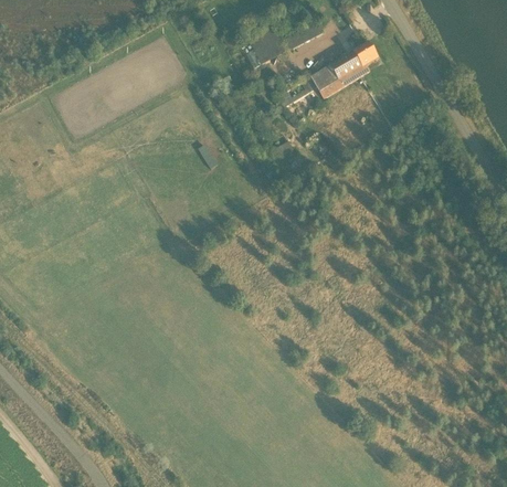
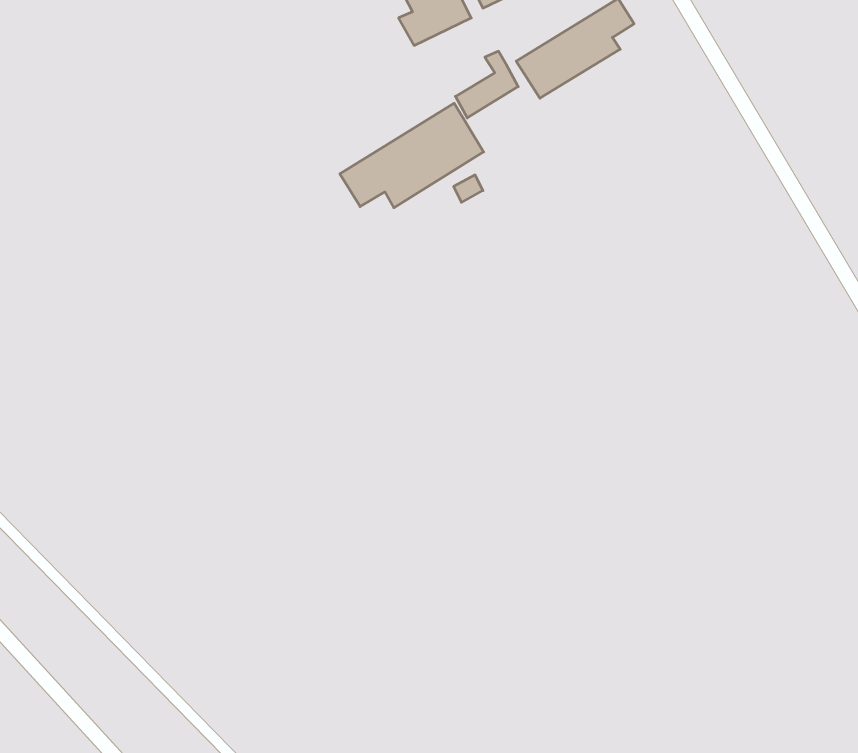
building: none -> [340,103,484,208]

